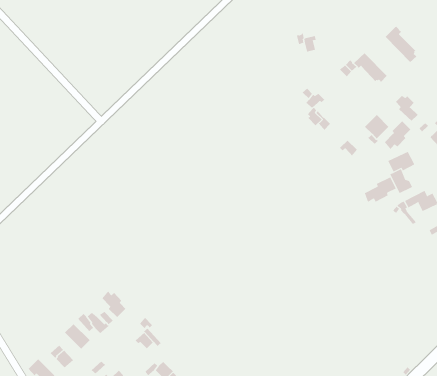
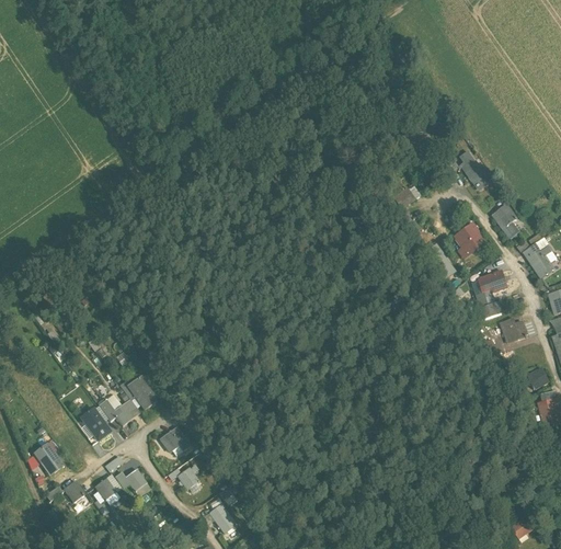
building: [385,25,417,63] -> none
building: [384,121,411,150] -> none
building: [364,177,397,203] -> none

